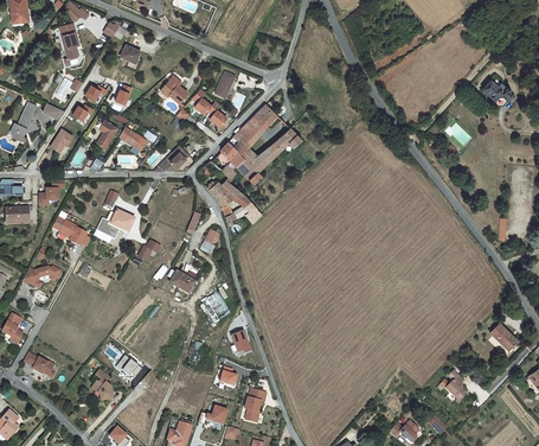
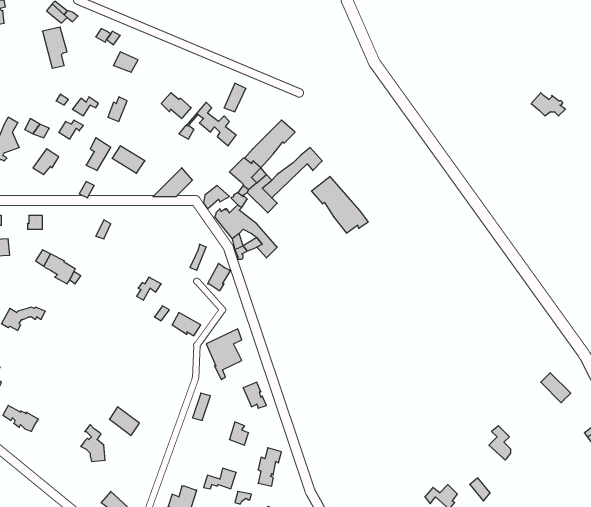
building: none -> [311,176,368,233]
building: [96,210,134,240] -> none

